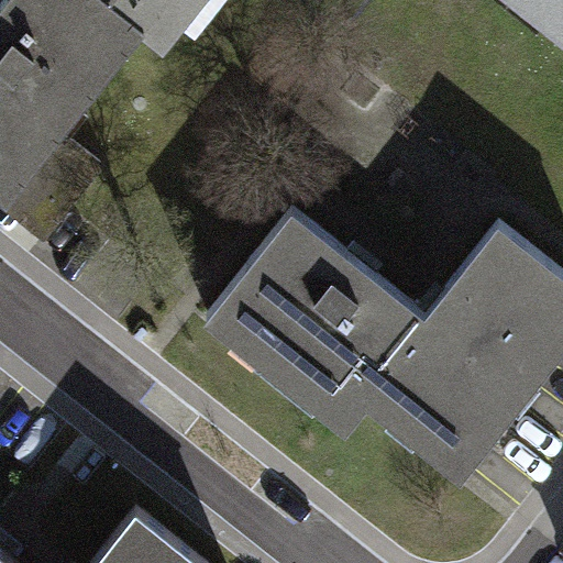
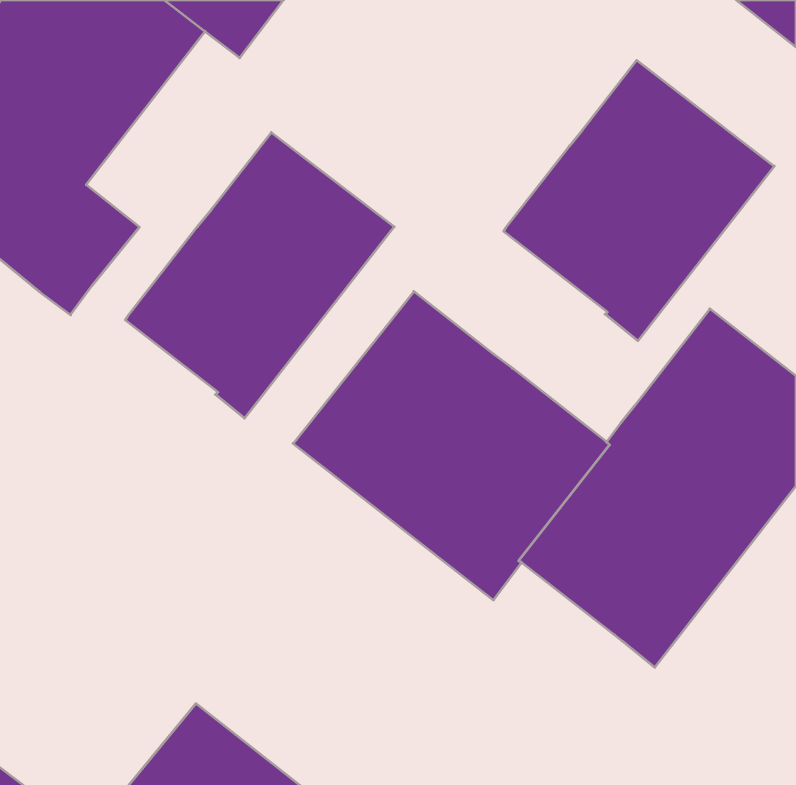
building: none -> [504,60,774,341]
building: none -> [125,132,394,418]

